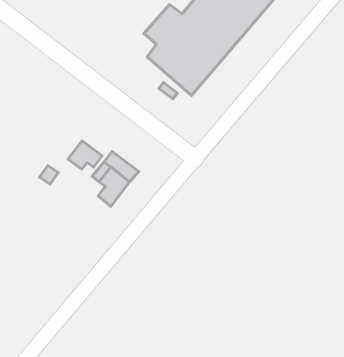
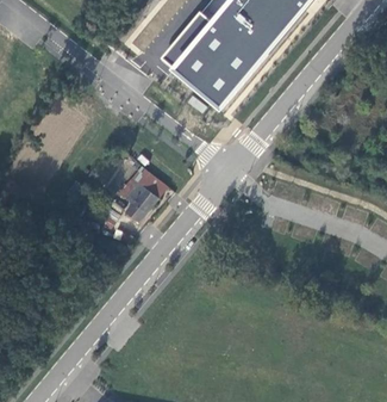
building: [68,141,102,169] -> none

